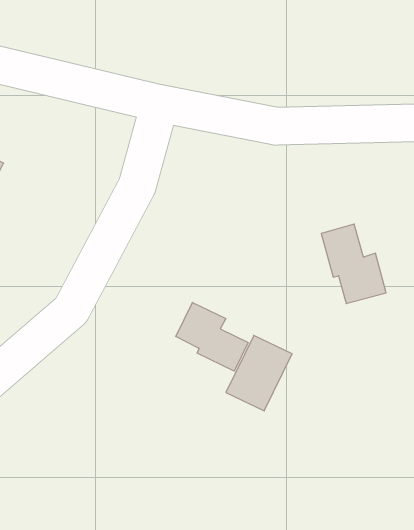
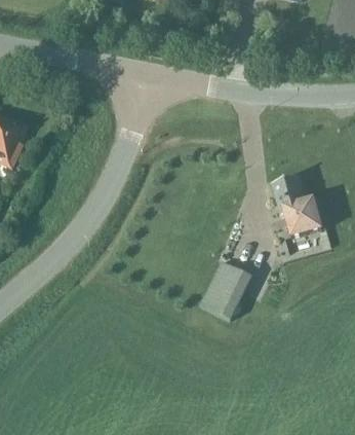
building: [176,302,248,371] -> none

